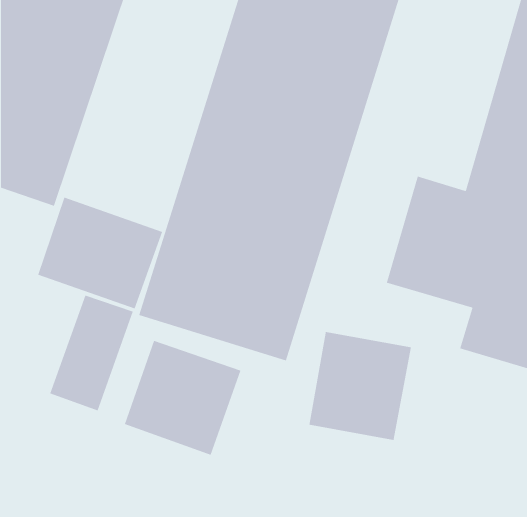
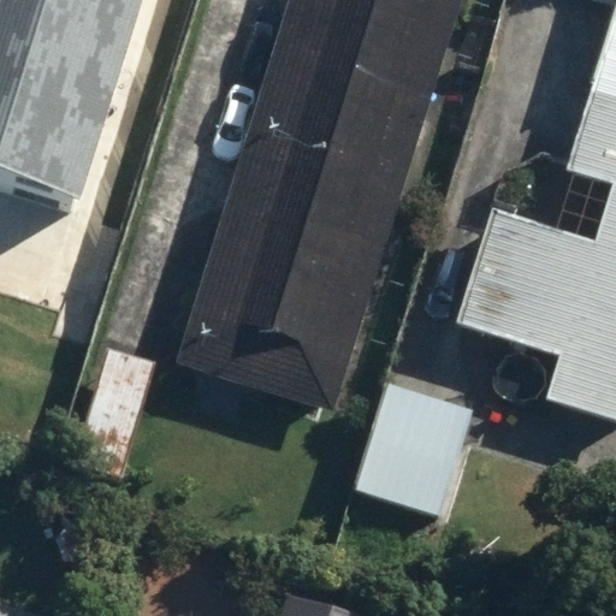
building: [37,196,163,310] -> none
building: [124,340,241,456] -> none

